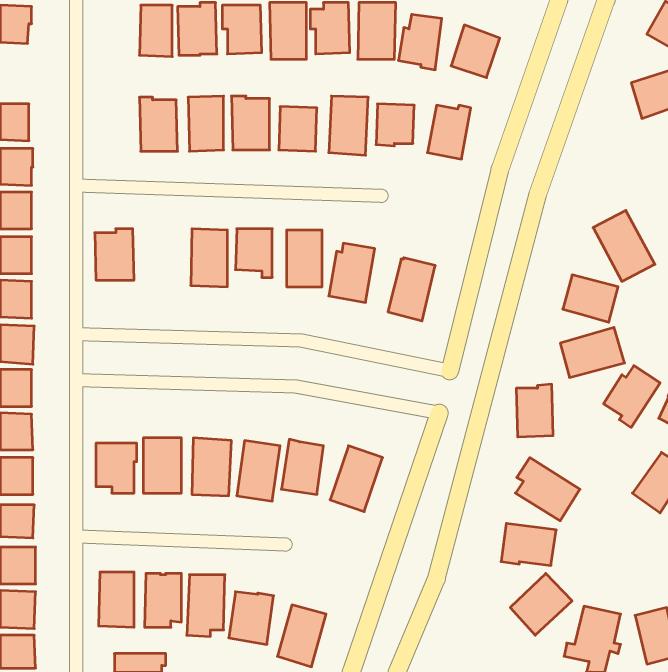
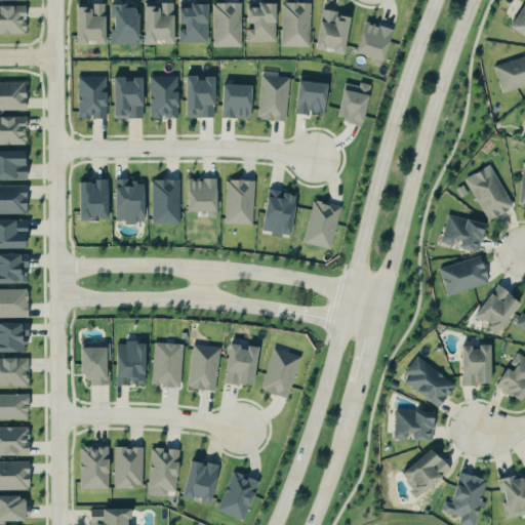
building: none -> [74,4,104,44]
building: none -> [79,76,107,118]
building: none -> [113,179,144,221]
building: [516,384,553,437] -> [460,344,489,385]

